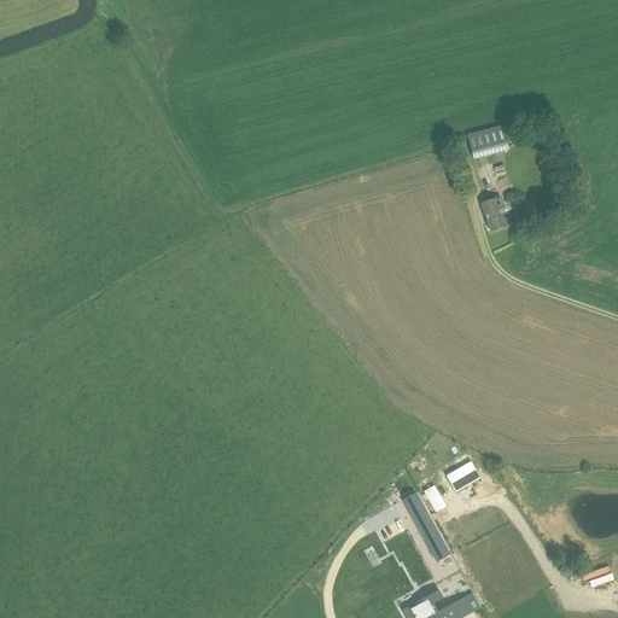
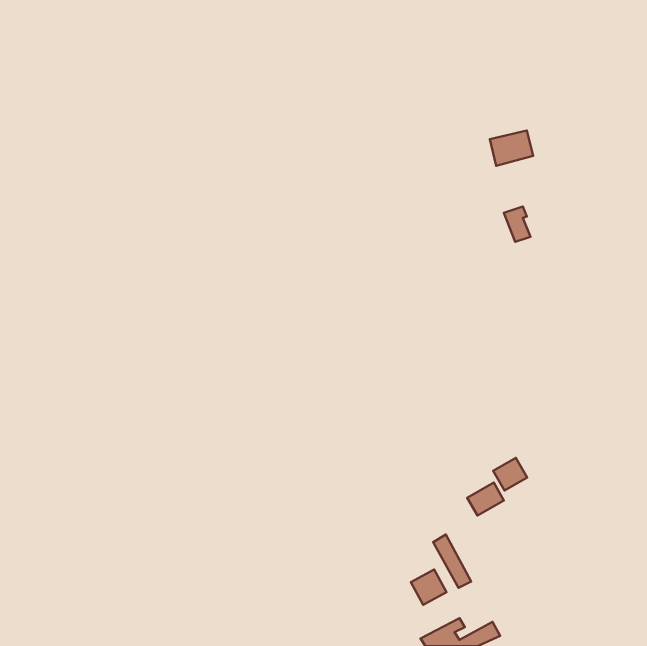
building: none -> [493,458,527,491]
building: none -> [411,569,446,605]

